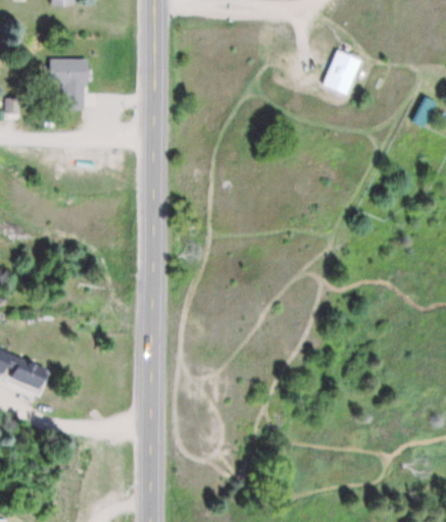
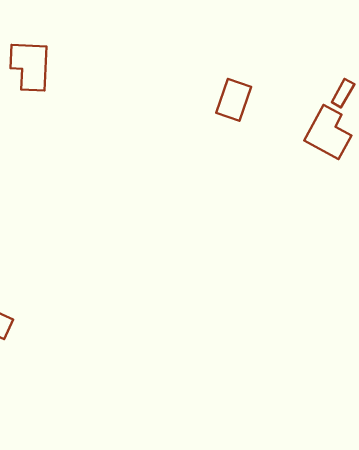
building: [323,47,362,95] -> [216,79,251,121]
building: none -> [304,105,351,159]

